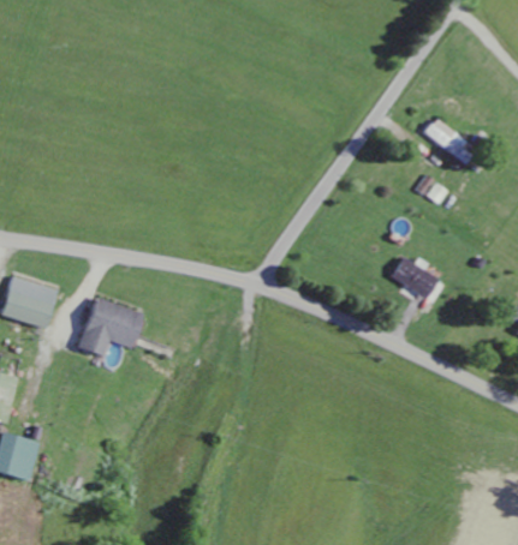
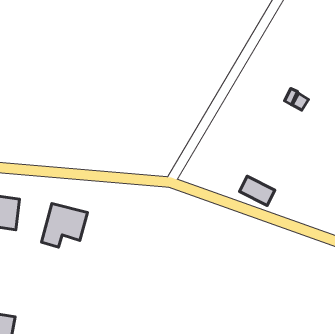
building: [423,116,475,162] -> none
building: [391,256,437,297] -> [239,176,275,205]

